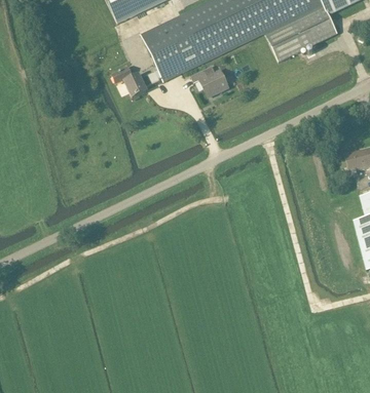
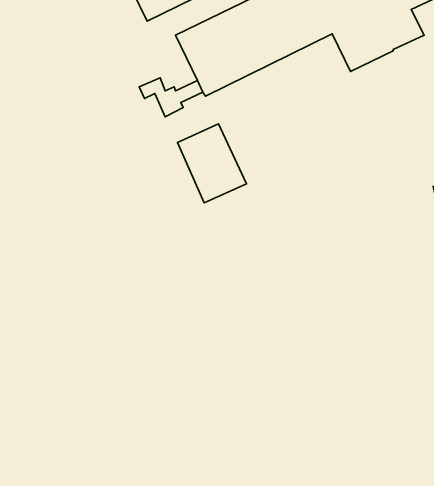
building: [191,69,229,95] -> none
building: none -> [177,124,247,203]

